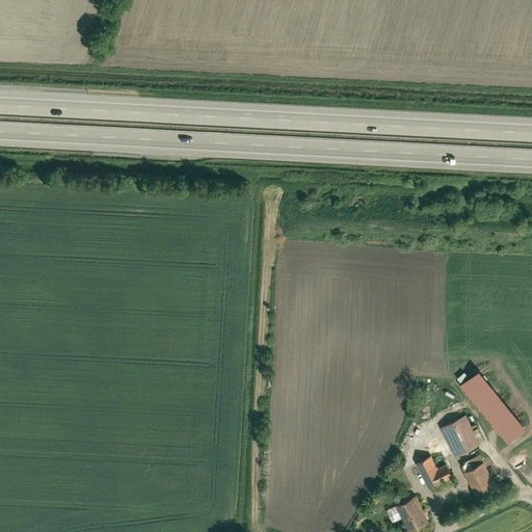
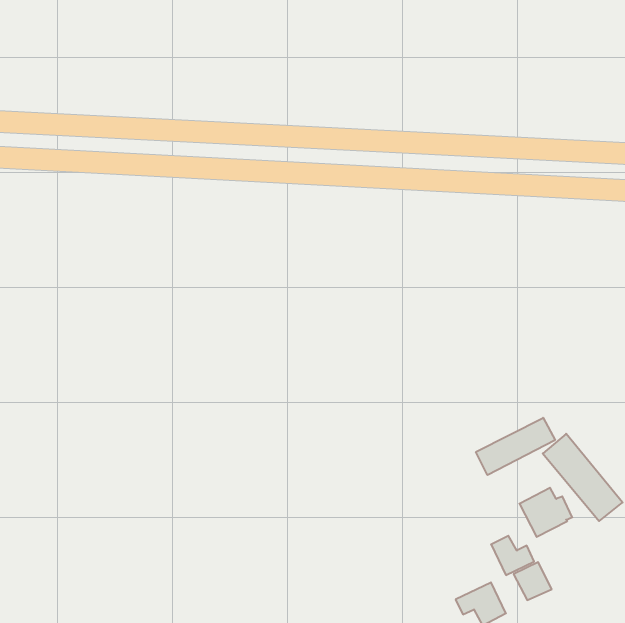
building: none -> [476,418,555,475]
building: [462,463,495,496] -> [514,562,552,600]

